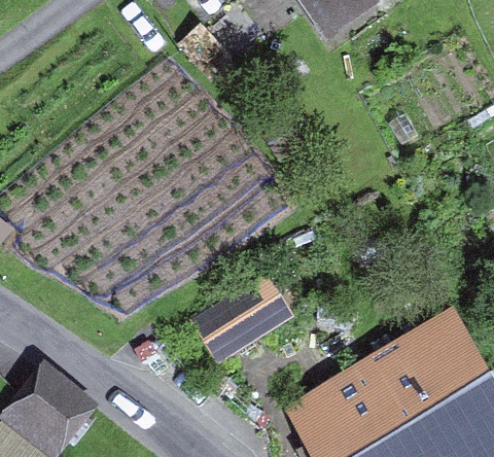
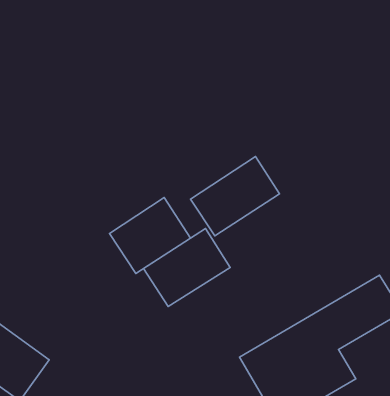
building: none -> [190,156,280,236]
building: none -> [110,197,190,273]

